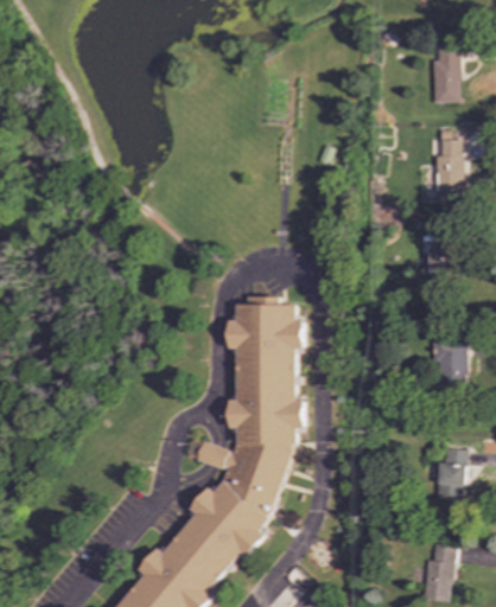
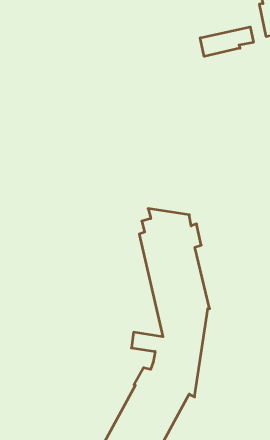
building: none -> [200,27,253,56]

